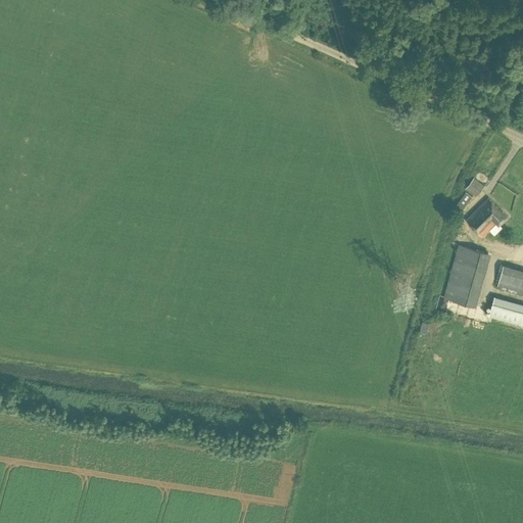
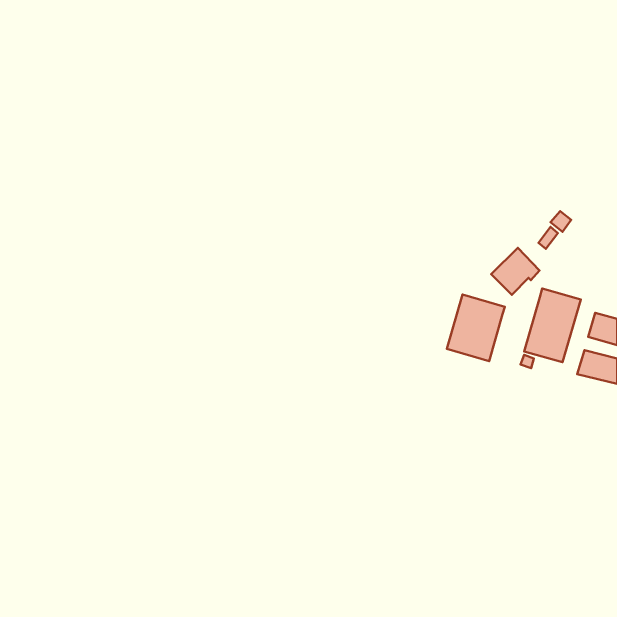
building: [466,197,507,237] -> [491,248,539,295]
building: none -> [447,294,505,361]

